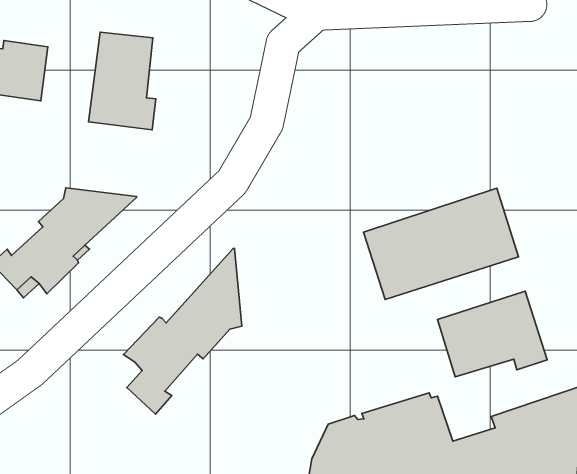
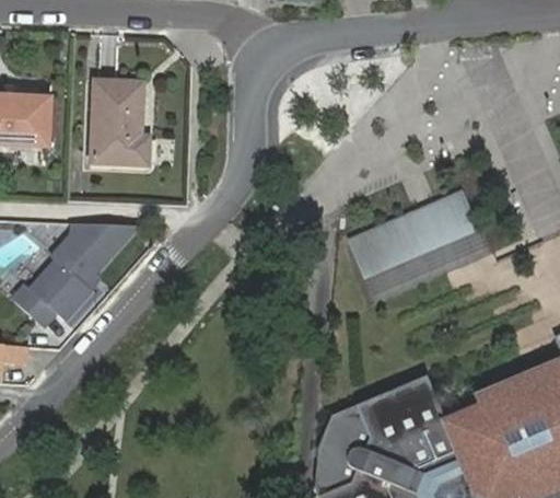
building: [124,248,242,414] -> none
building: [438,291,547,377] -> none

